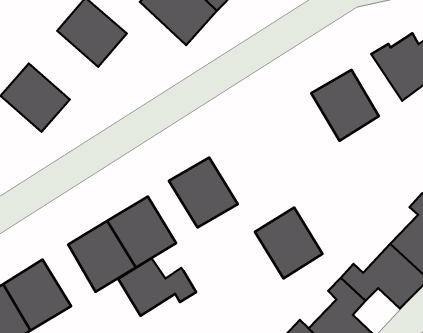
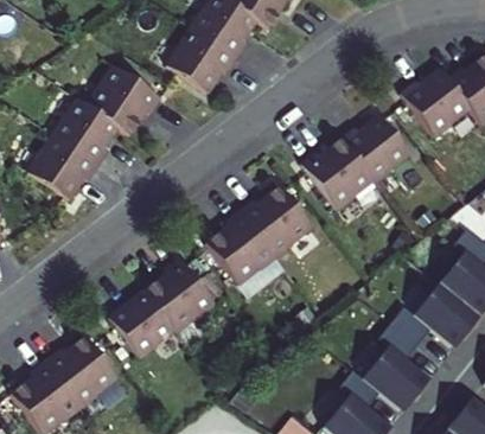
building: none -> [53,96,125,165]
building: none -> [305,138,377,211]
building: [255,207,323,278] -> [245,184,317,257]
building: [118,258,196,316] -> none

